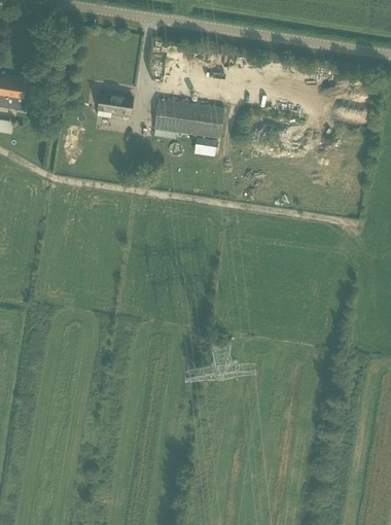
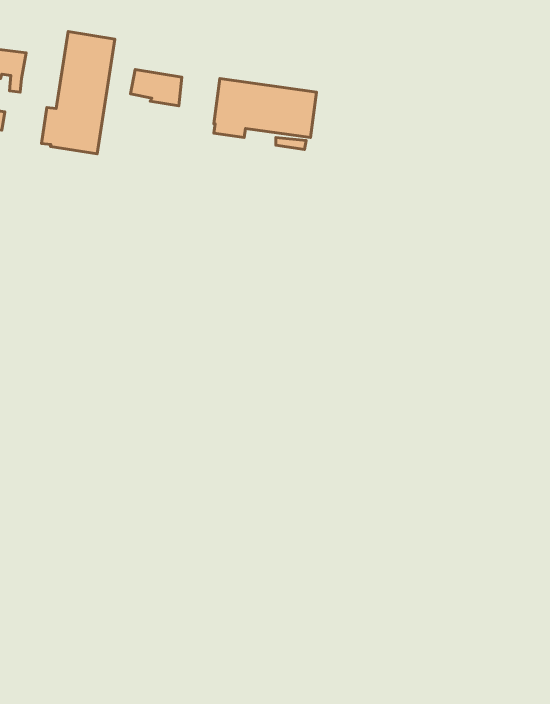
building: none -> [41,31,115,154]

